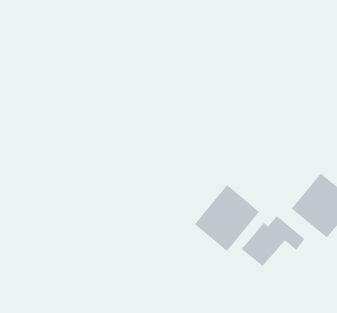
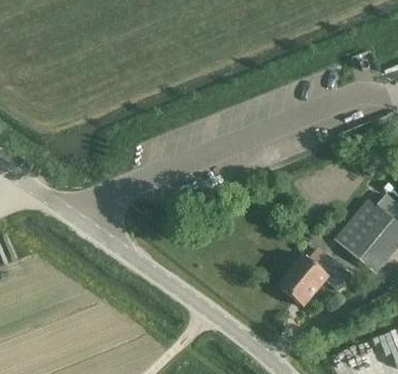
building: [194,184,260,252] -> none

